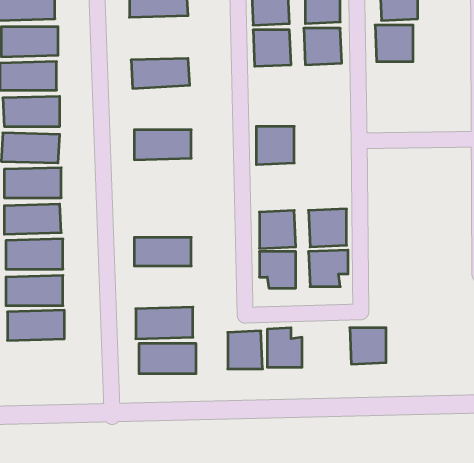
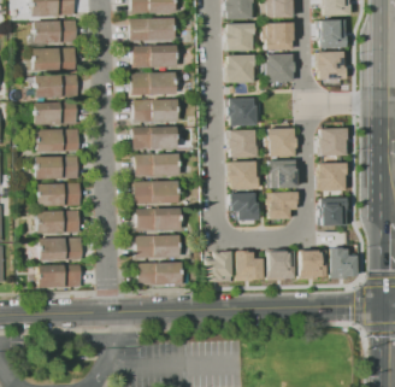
building: none -> [130,18,173,41]
building: none -> [316,52,344,80]
building: none -> [265,54,293,83]
building: none -> [225,55,253,83]
building: none -> [131,72,175,95]
building: none -> [132,127,176,151]
building: none -> [318,128,346,157]
building: none -> [266,129,295,157]
building: none -> [228,130,255,158]
building: none -> [135,154,178,177]
building: none -> [317,163,344,192]
building: none -> [318,198,347,227]
building: none -> [136,209,179,231]
building: none -> [329,248,356,278]
building: none -> [265,251,294,281]
building: none -> [37,265,81,288]

